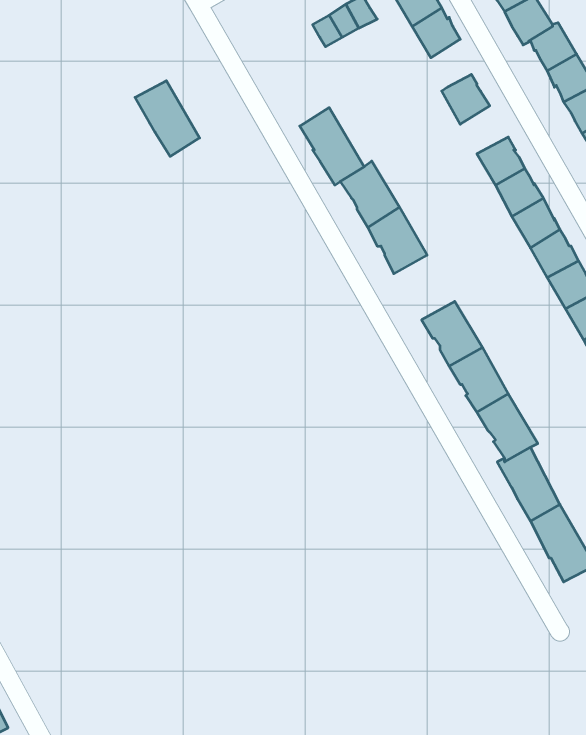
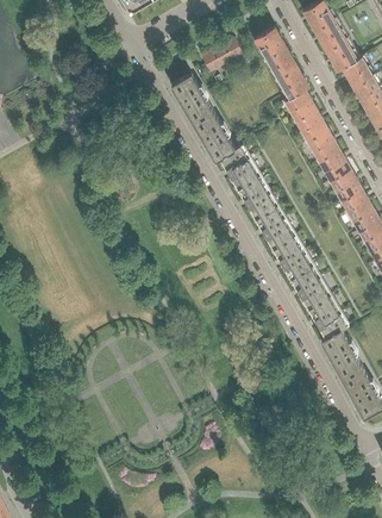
building: none -> [278,67,309,98]
building: [135,81,200,156] -> [171,74,213,123]
building: none -> [298,110,328,141]
building: none -> [255,206,294,248]

